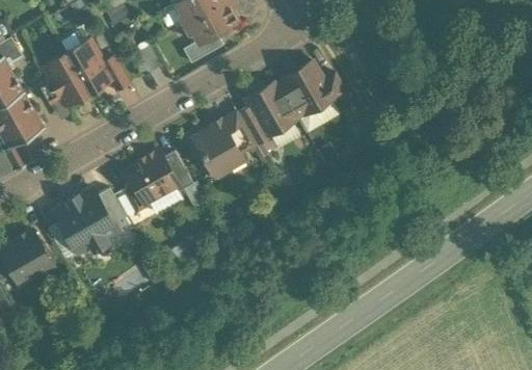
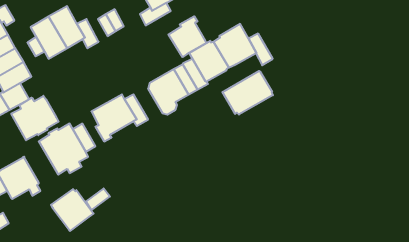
building: none -> [168,16,207,57]
building: none -> [222,71,273,115]
building: none -> [11,96,59,140]
building: none -> [51,189,94,231]

